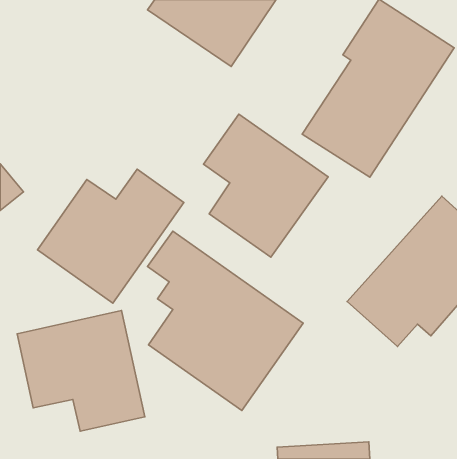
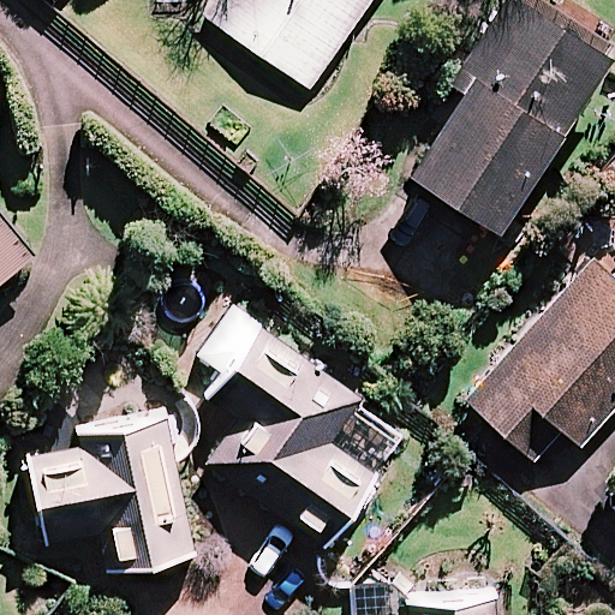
building: [204,114,328,257] -> none
building: [38,169,184,303] -> none

